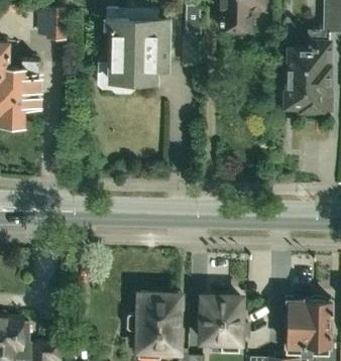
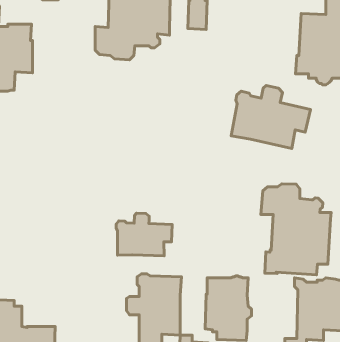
building: none -> [231,85,310,149]
building: none -> [261,184,331,275]
building: none -> [116,213,172,256]

